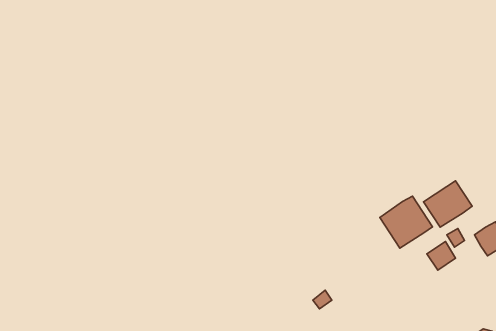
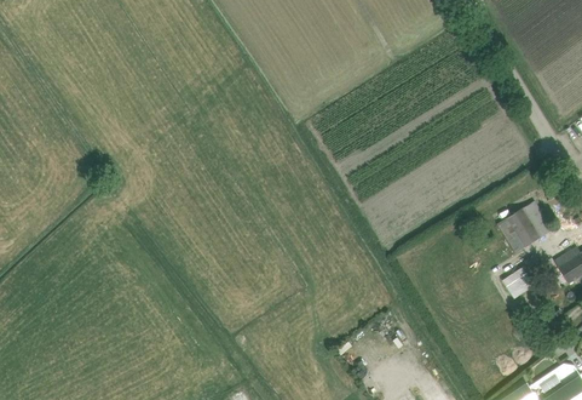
building: [380,196,432,248] -> none

